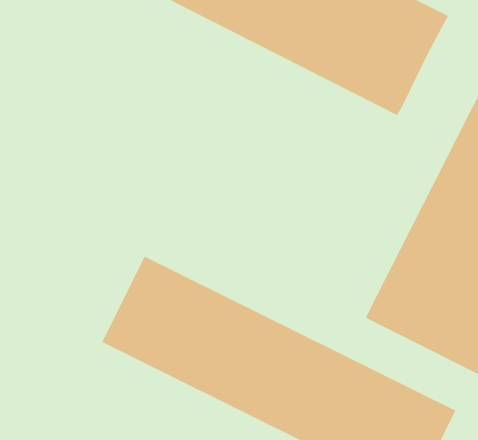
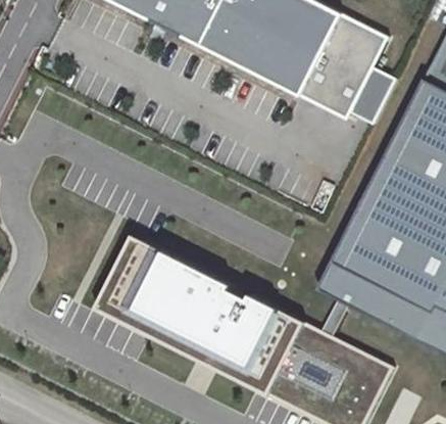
building: none -> [350,65,395,123]

